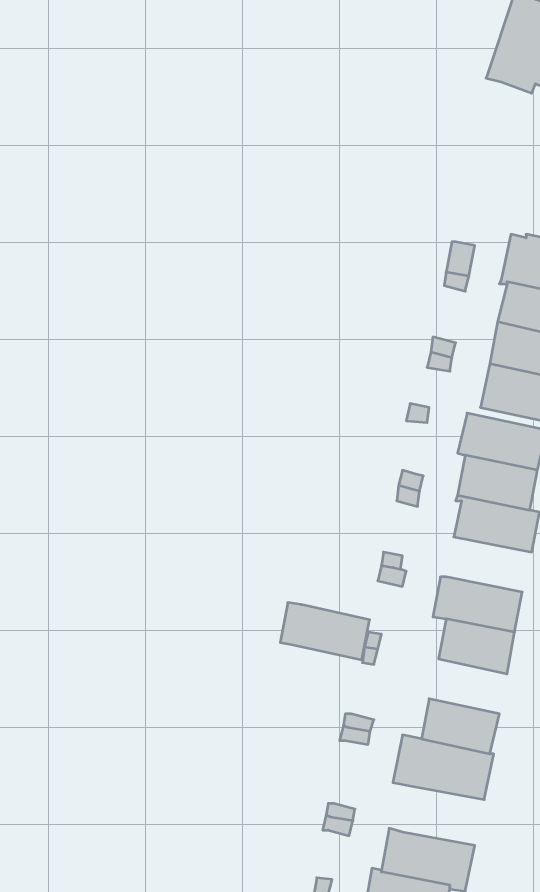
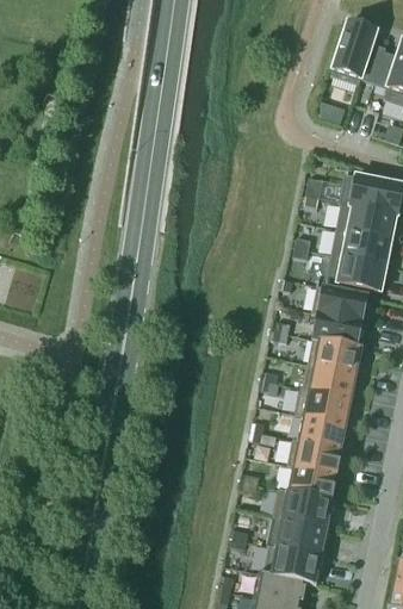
building: none -> [304,361,358,396]
building: [280,603,370,660] -> [286,436,342,472]
building: none -> [265,515,328,554]

